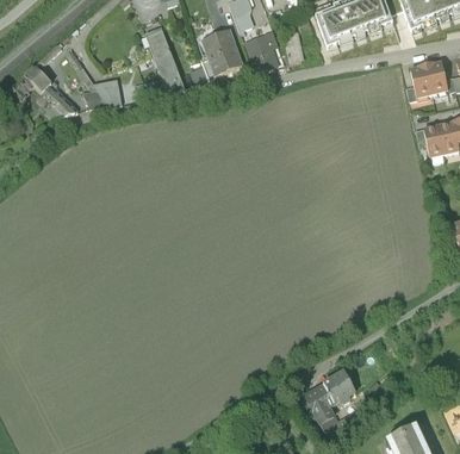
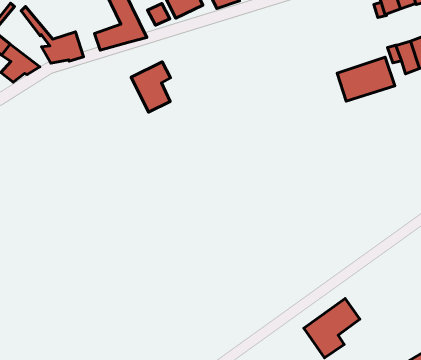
building: none -> [131,62,171,112]
building: none -> [337,57,395,101]

